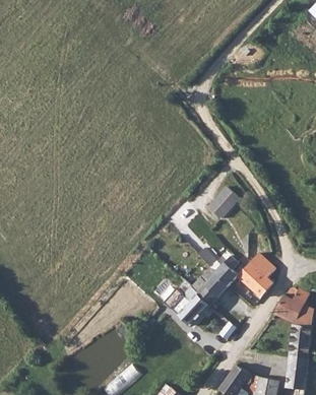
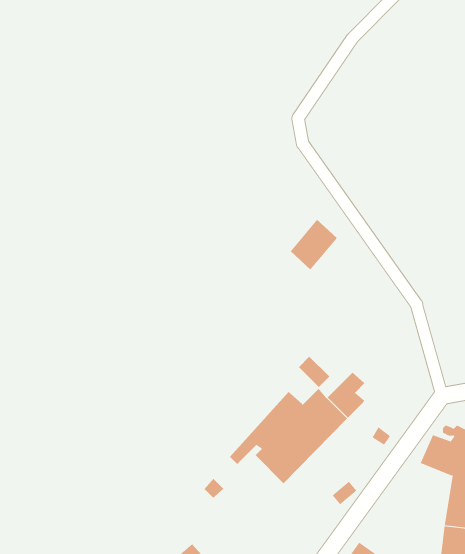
building: [207,186,238,218] -> [290,219,338,270]
building: [239,255,274,297] -> none

